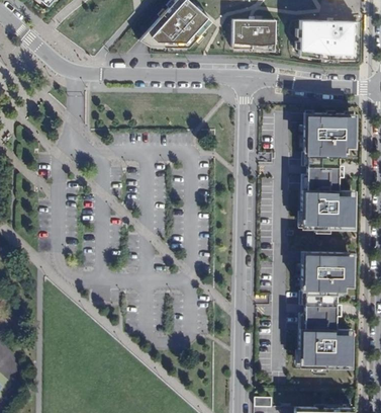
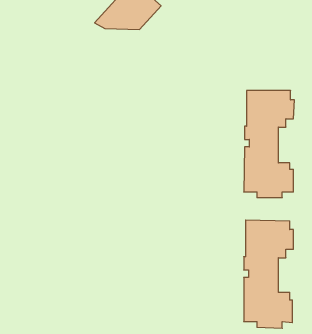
building: [232,19,276,52] -> none
building: [299,20,358,61] -> none

